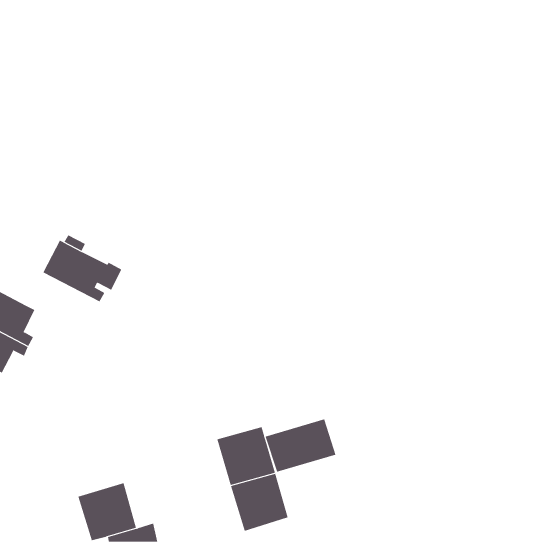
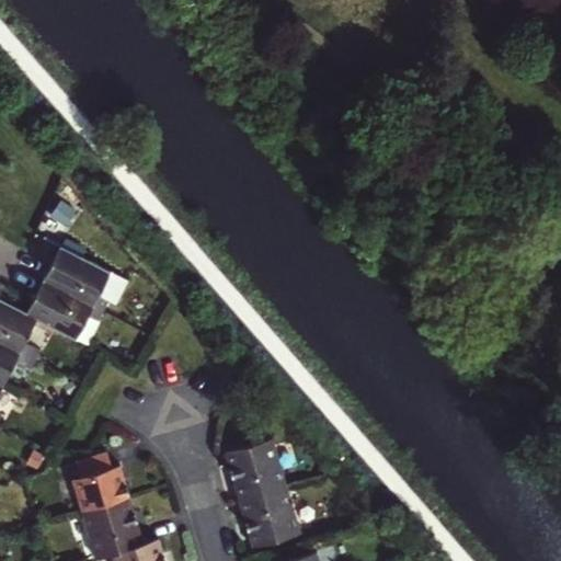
building: none -> [27,282,103,341]
building: [265,418,336,473] -> none
building: none -> [70,453,128,513]

